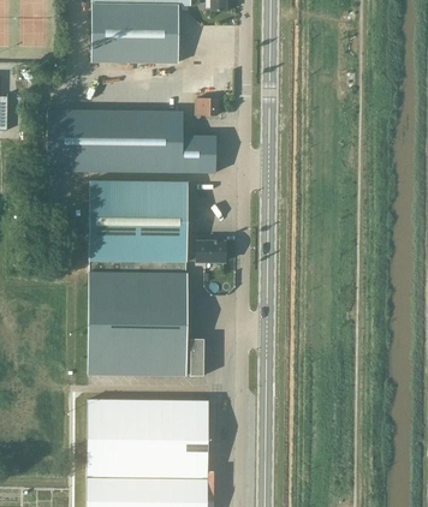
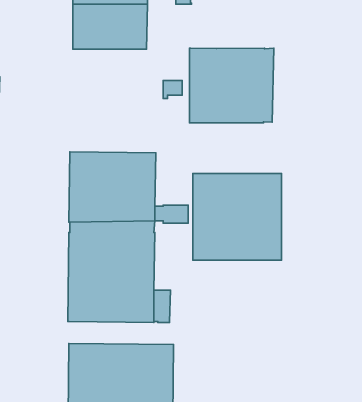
building: none -> [190,48,274,123]
building: [47,109,216,173] -> none
building: none -> [193,173,281,260]

